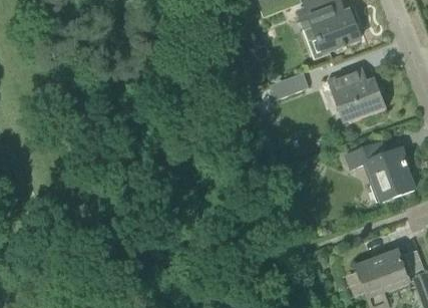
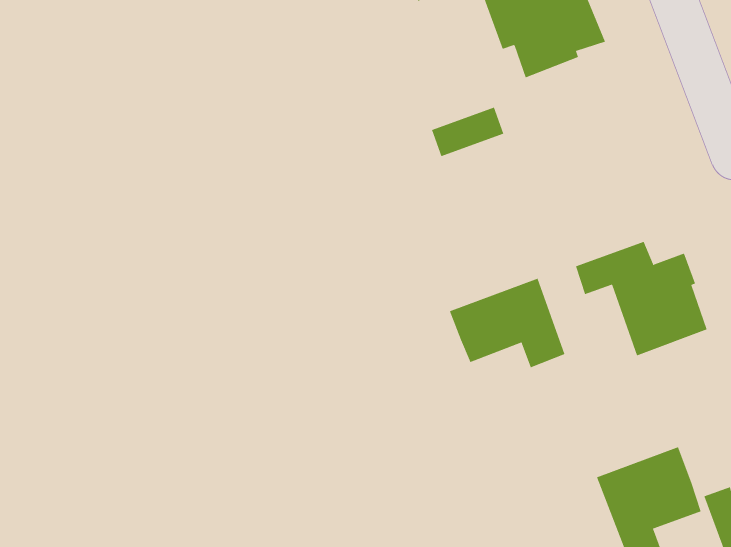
building: [329,65,387,123] -> none
building: none -> [449,278,565,368]

